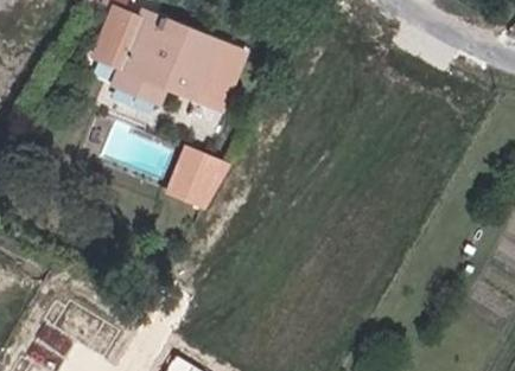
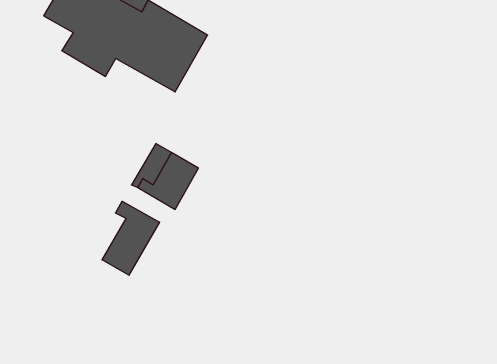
building: none -> [102,201,160,275]

